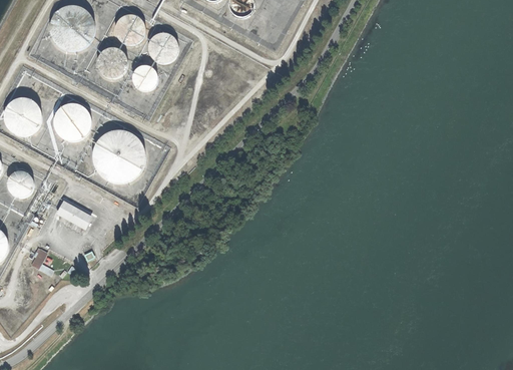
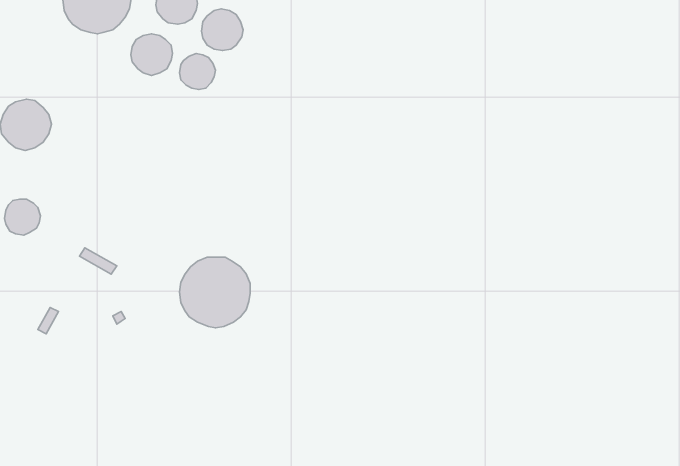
building: [53,103,89,139] -> none
building: [92,130,143,181] -> [179,257,250,328]

